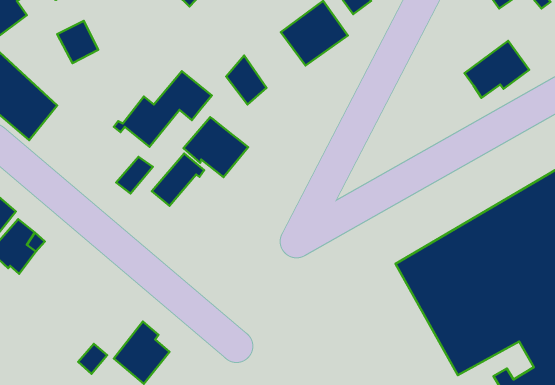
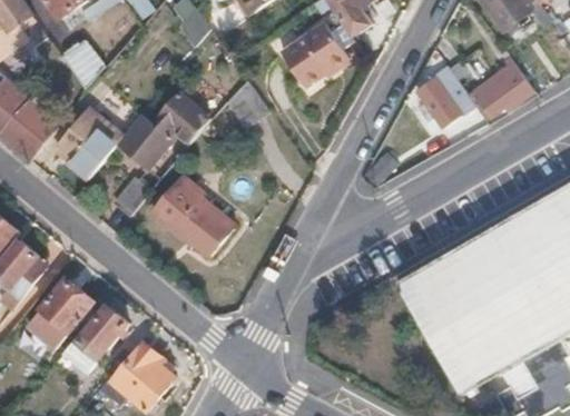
building: none -> [414,66,474,126]
building: none -> [59,107,125,178]
building: [183,117,248,177] -> [170,195,235,255]
building: none -> [28,279,92,346]
building: none -> [78,309,124,358]

